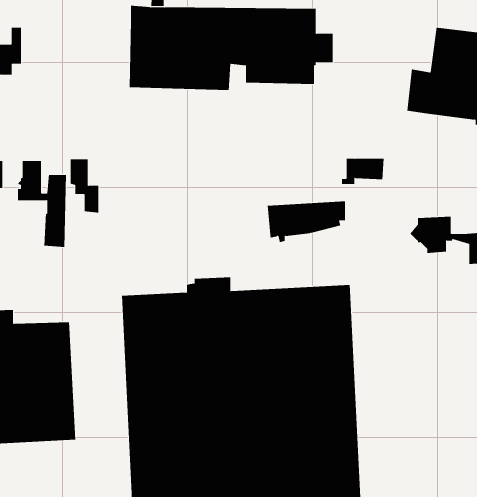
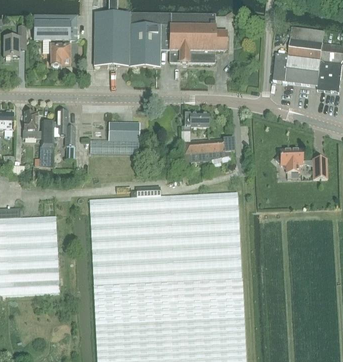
building: none -> [34,13,77,66]
building: [341,158,385,185] -> [181,112,209,129]
building: none -> [90,121,139,153]

